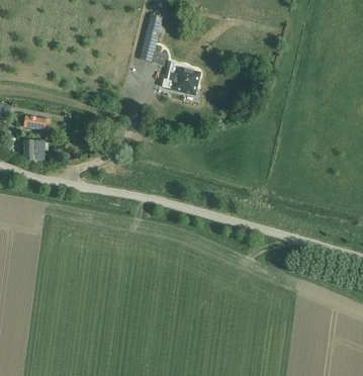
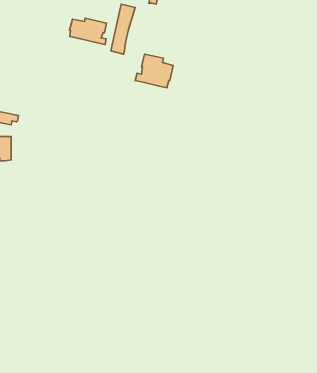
building: none -> [70,18,106,45]

